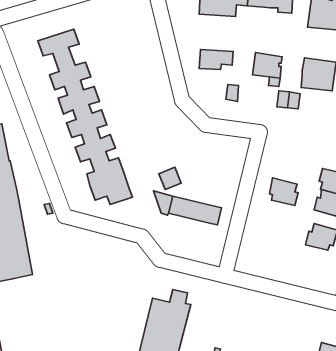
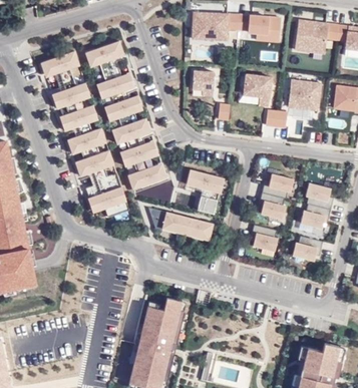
building: none -> [85,42,167,190]
building: none -> [190,168,227,212]
building: none -> [262,174,294,199]
building: none -> [251,225,278,251]

